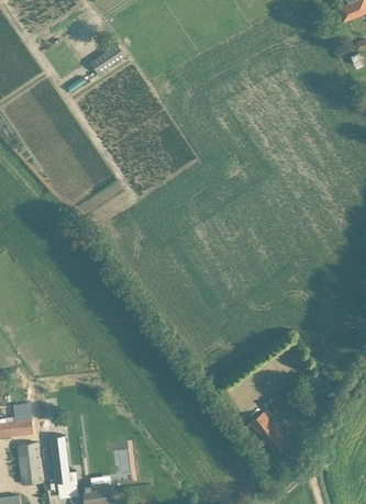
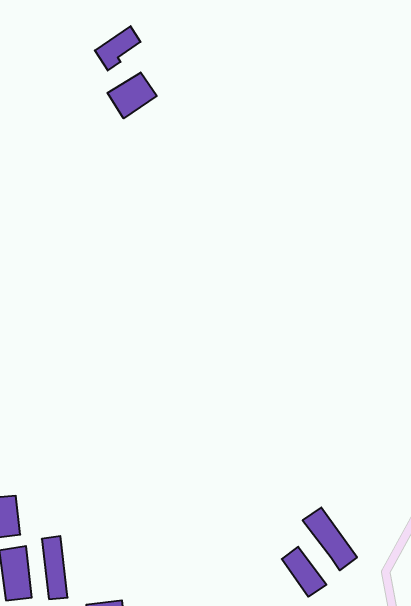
building: none -> [107,72,157,118]
building: none -> [282,547,326,597]

